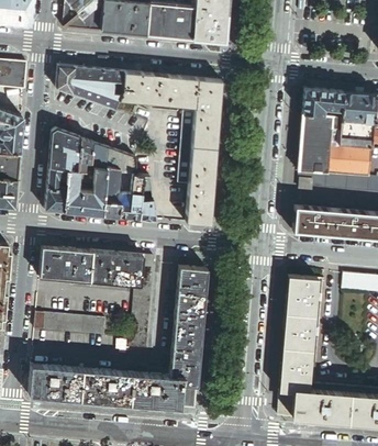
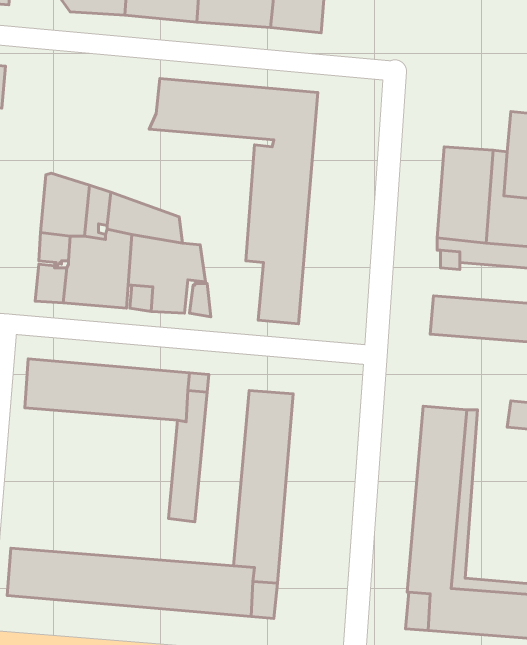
building: [57,66,125,110] -> none
building: [303,89,345,118] -> none
building: [35,314,108,337] -> none

